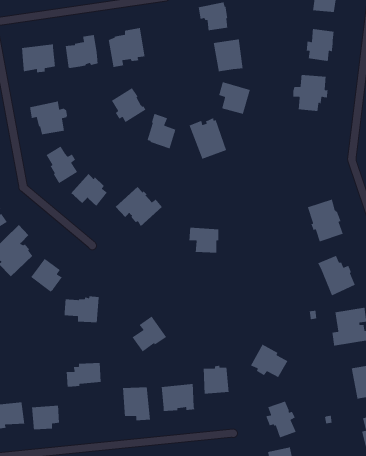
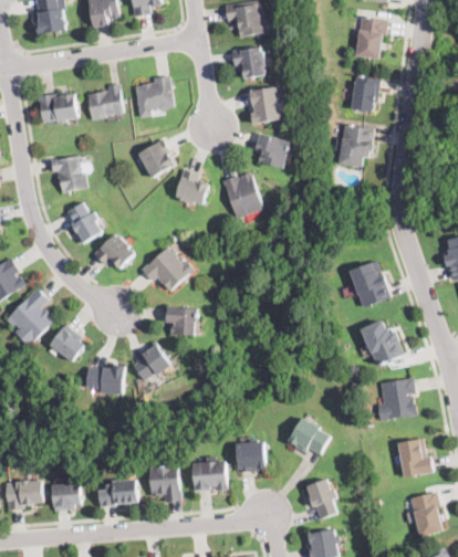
building: [189,227,219,253] -> [163,306,196,335]
building: [131,316,167,352] -> [132,341,170,381]
building: [66,362,101,388] -> [98,480,137,507]

